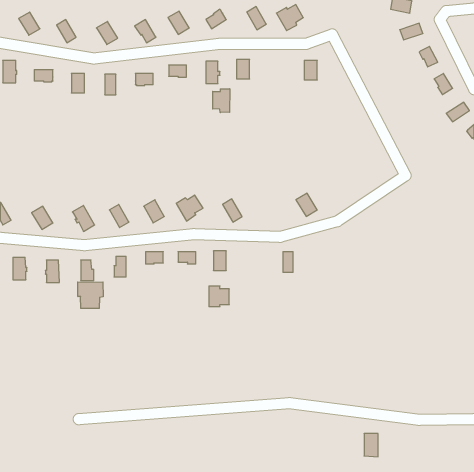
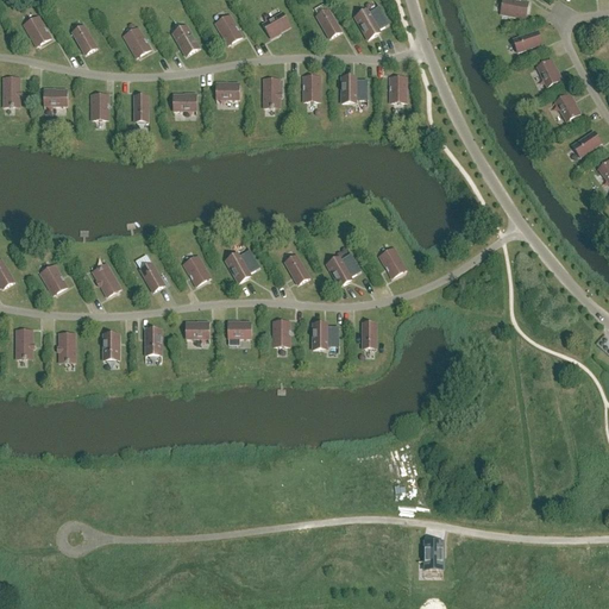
building: none -> [341,76,368,102]
building: [213,89,230,113] -> none
building: none -> [327,253,362,287]
building: [78,282,103,308] -> none
building: [209,286,229,307] -> [313,322,339,349]
building: [364,434,378,457] -> [425,540,442,570]

